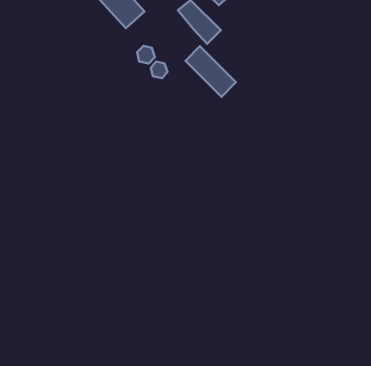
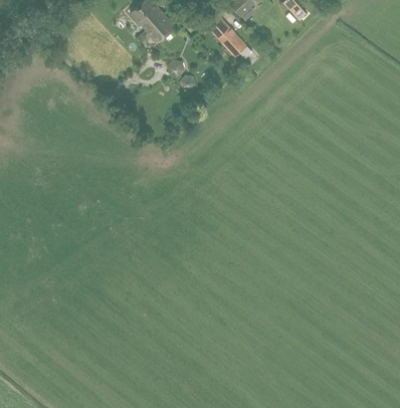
building: [185,46,236,97] -> none

